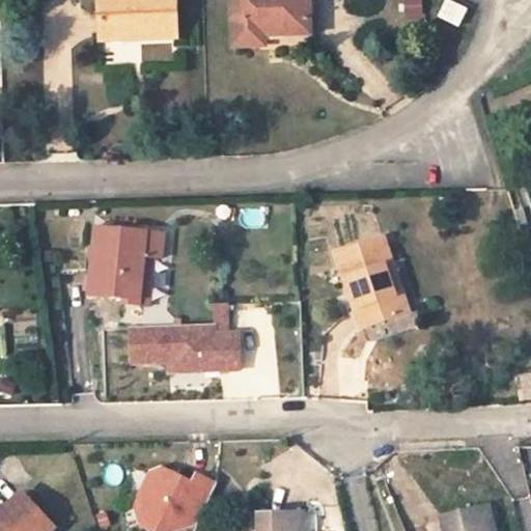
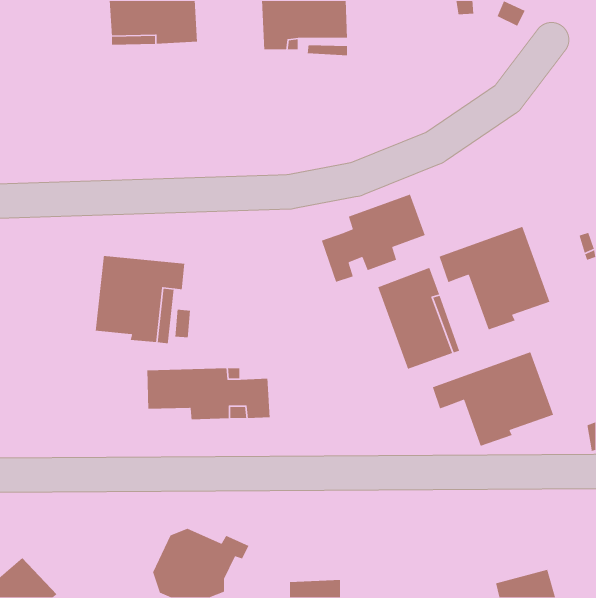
building: none -> [321,193,426,283]
building: none -> [438,226,551,330]
building: none -> [432,351,554,447]

